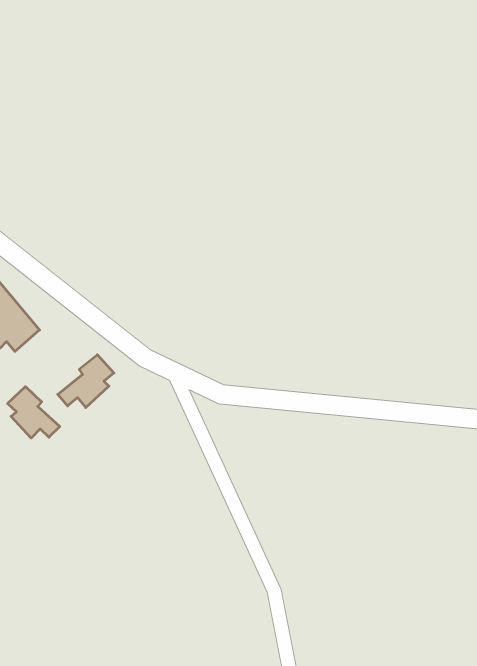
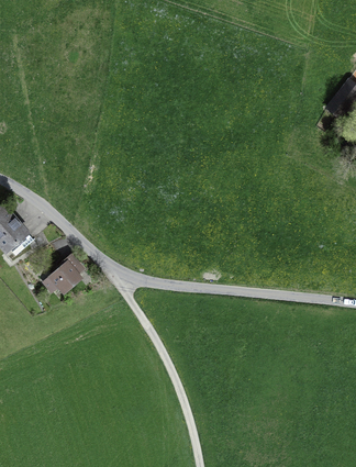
building: [8,387,60,438] -> none

